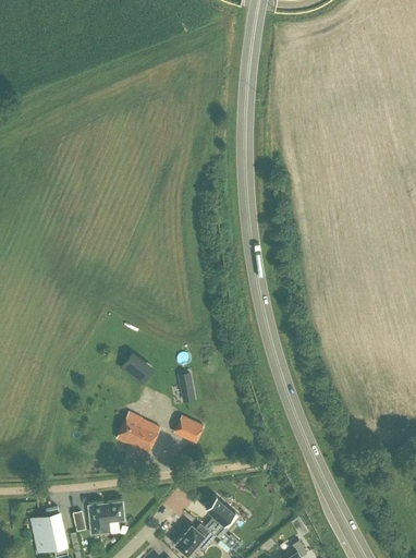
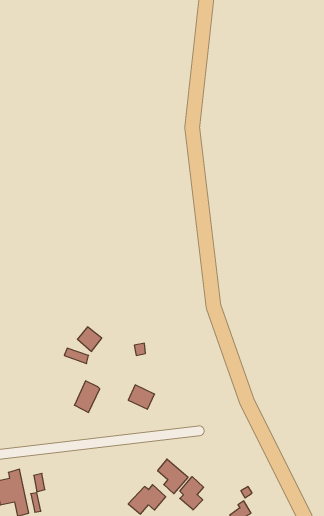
building: [132,421,160,453] -> none
building: [88,502,124,534] -> none
building: none -> [180,477,204,510]

